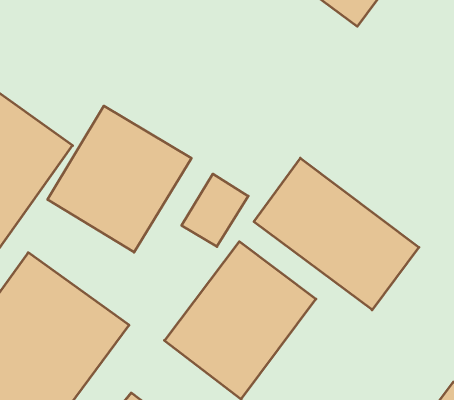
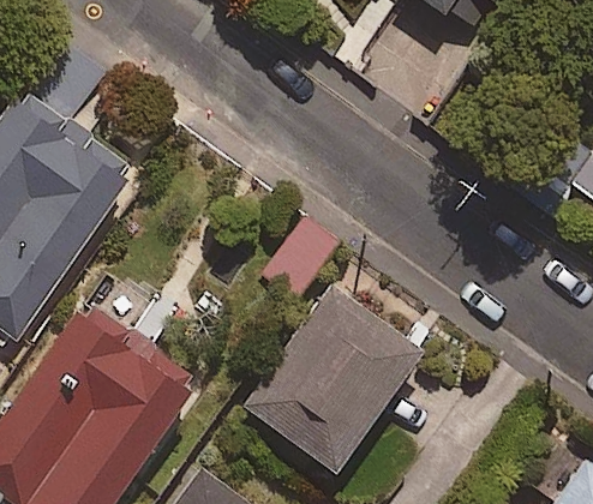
building: [48,106,191,252] -> none
building: [254,158,419,310] -> none

